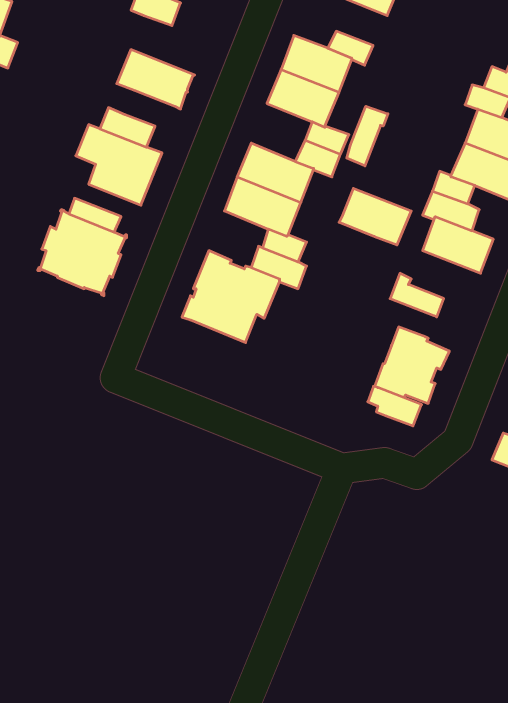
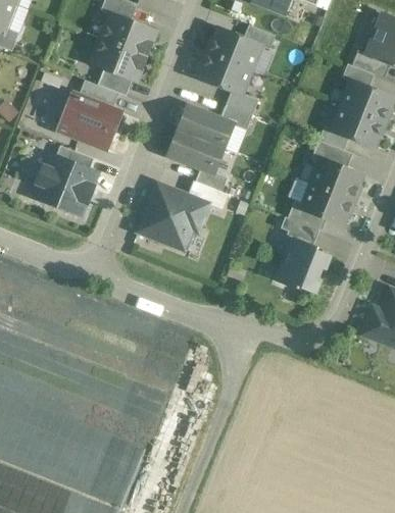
building: none -> [100,14,155,57]
building: none -> [96,68,132,97]
building: [347,106,388,166] -> none
building: [339,188,411,245] -> [300,184,352,224]
building: [368,386,422,426] -> [280,217,318,246]

